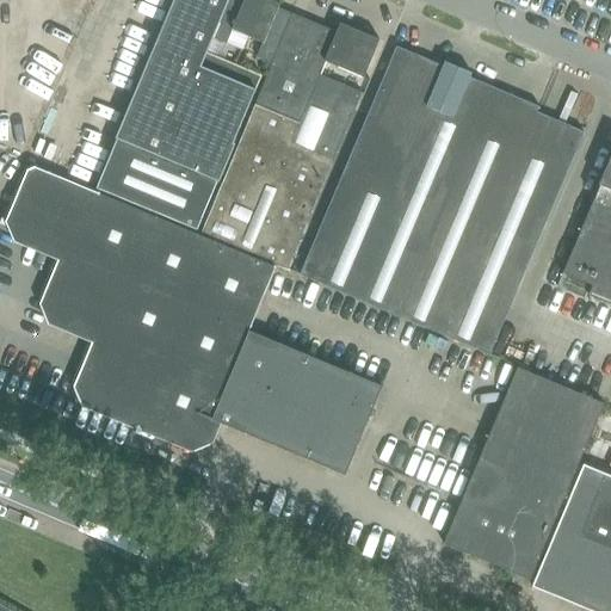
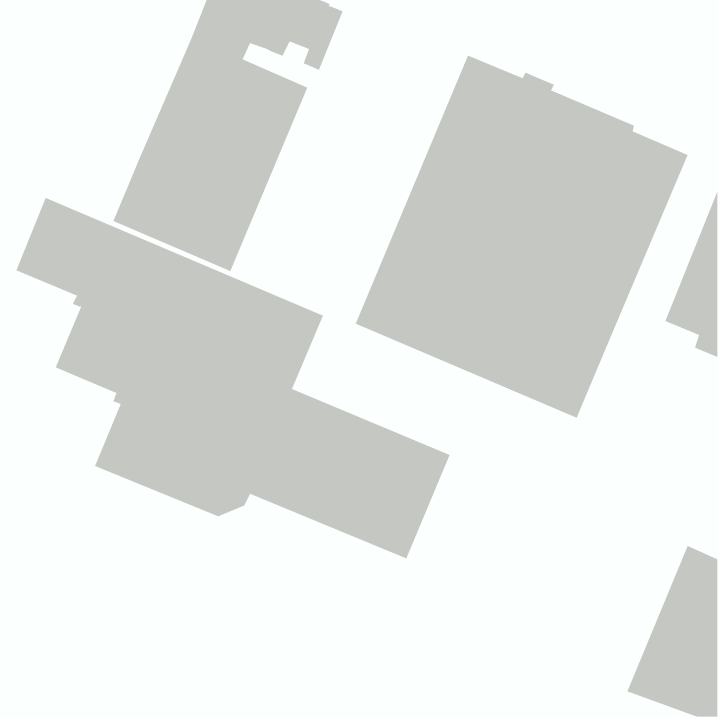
building: [202,13,378,269] -> none
building: [444,368,603,580] -> none

